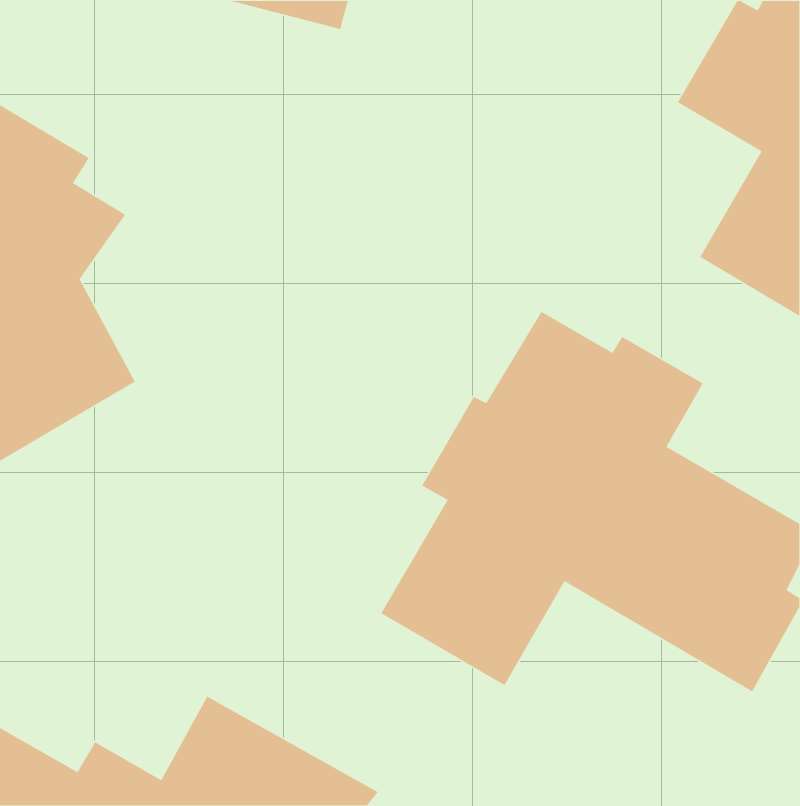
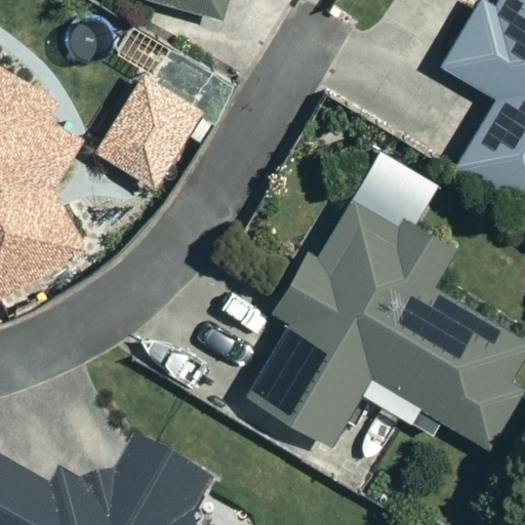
building: none -> [95,75,205,191]

